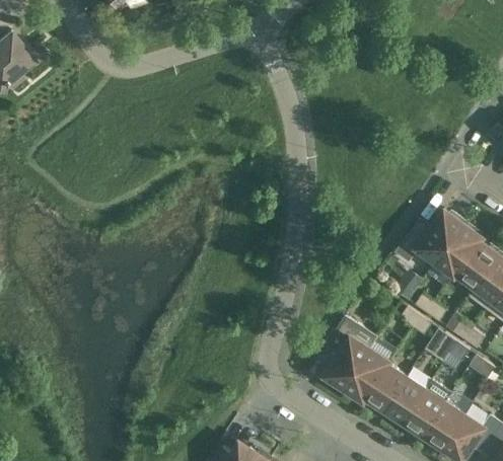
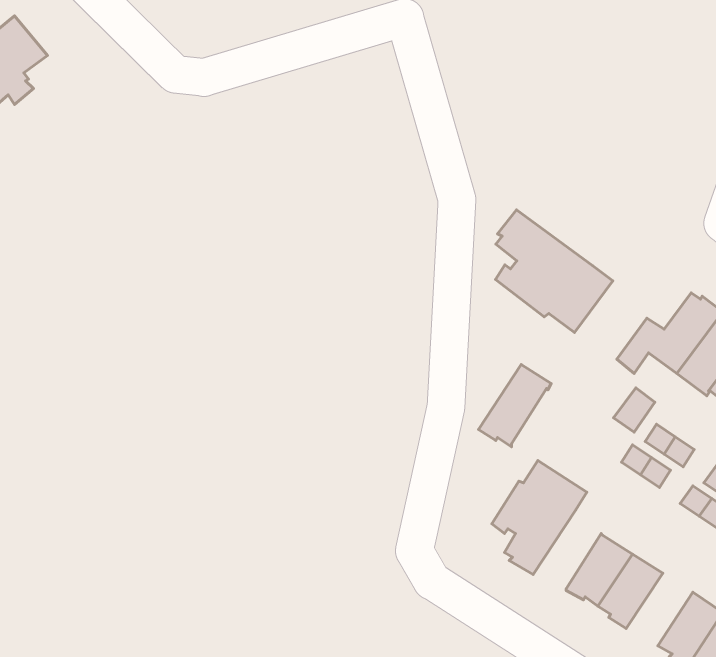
building: none -> [495,210,613,333]
building: [344,350,390,402] -> [478,365,551,447]
building: [404,382,451,437] -> none

